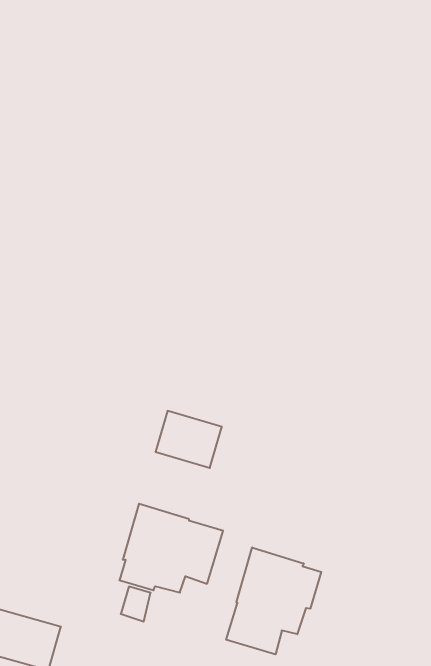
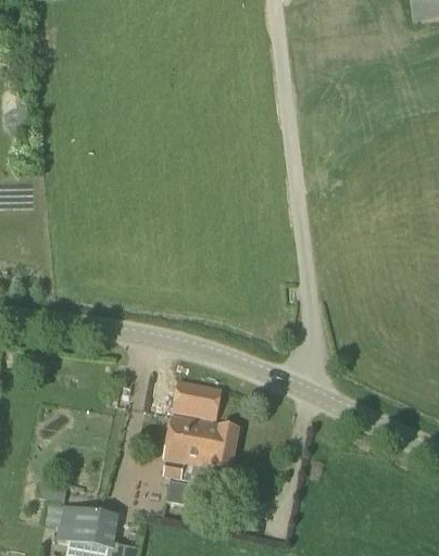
building: [155,411,222,468] -> [172,378,222,419]
building: [226,547,321,654] -> none

